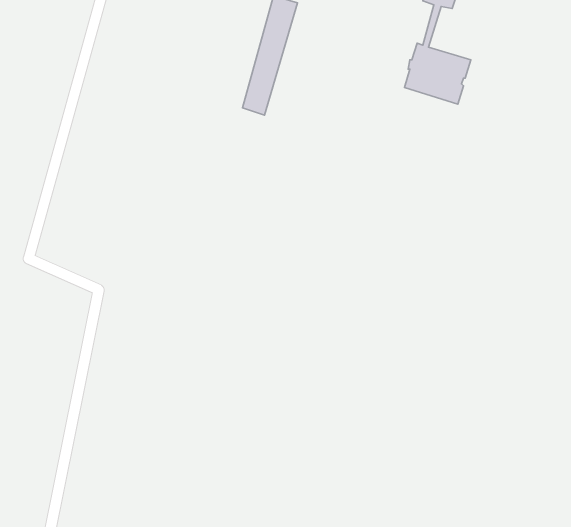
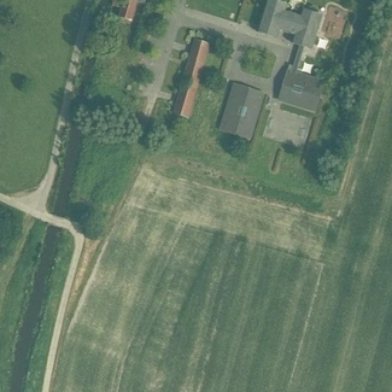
building: none -> [221,83,263,135]

